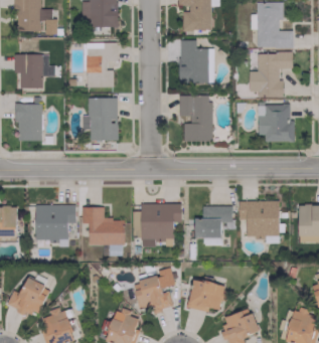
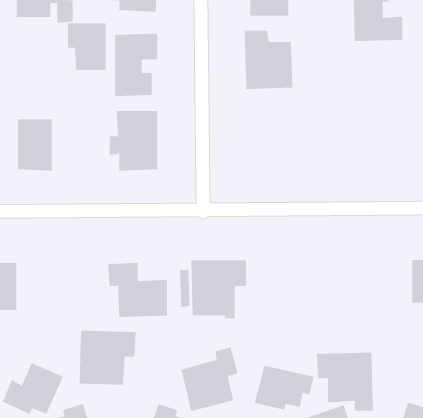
building: [249,52,293,98] -> none
building: [15,54,43,89] -> [67,23,106,71]
building: [179,96,212,141] -> none
building: [258,105,294,142] -> none
building: [238,200,280,242] -> [316,352,374,411]
building: [35,204,76,243] -> [79,330,137,385]
building: [195,205,232,238] -> none

